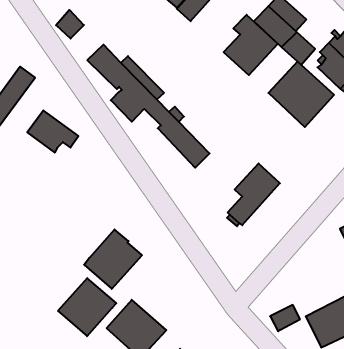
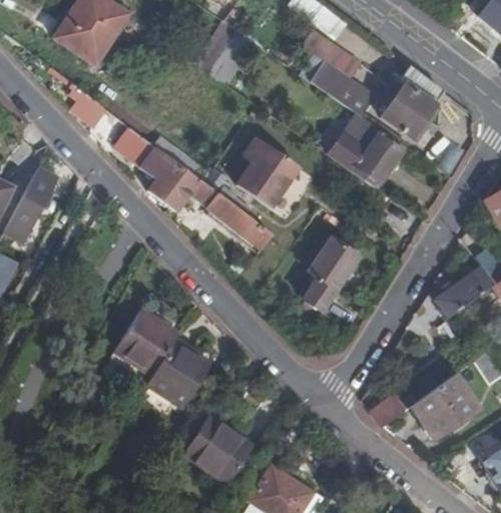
building: [224,15,278,75] -> [236,138,298,207]
building: [27,110,78,153] -> none
building: [58,278,116,336] -> [113,309,179,376]

